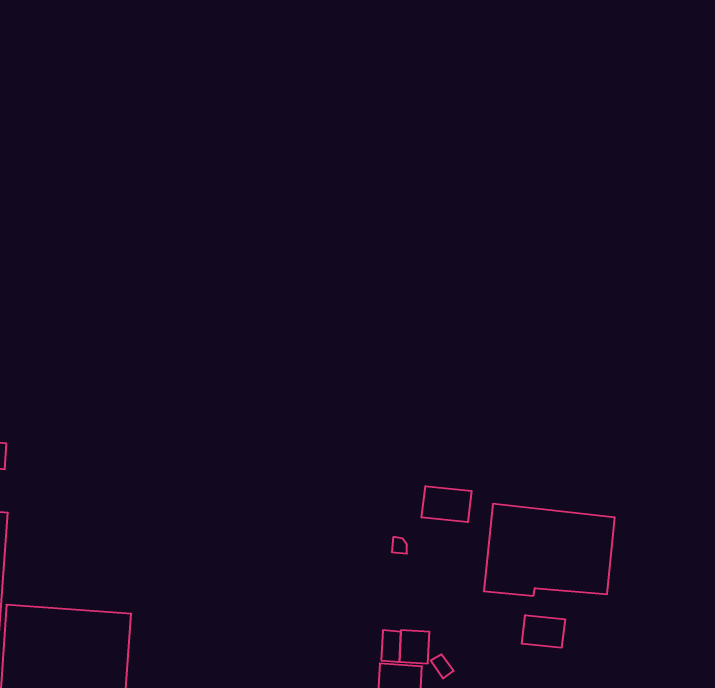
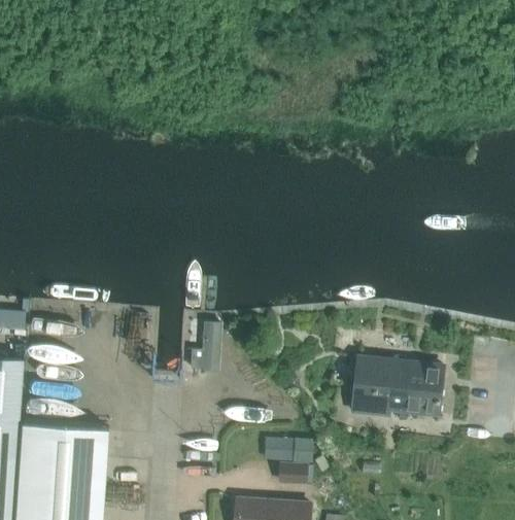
building: [422,486,472,522] -> none
building: [522,615,565,648] -> none

